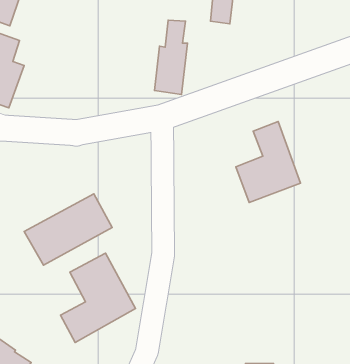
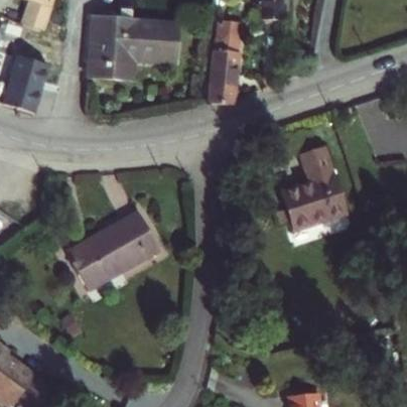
building: none -> [86,27,172,87]
building: [60,253,135,343] -> none

